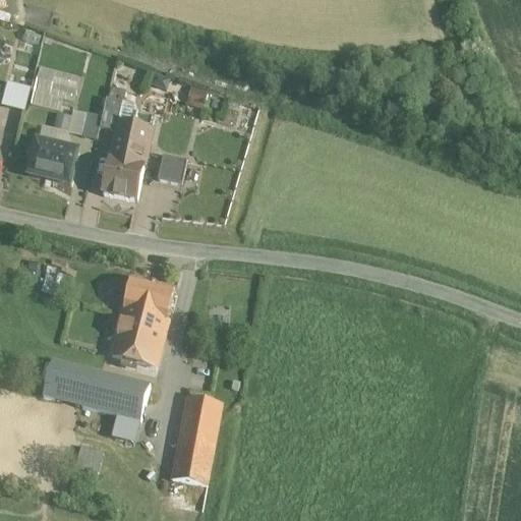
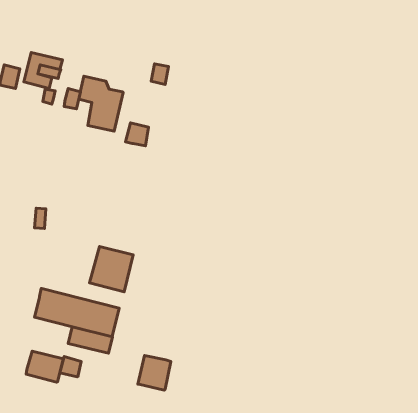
building: [26,136,75,180] -> none
building: [101,156,141,197] -> none
building: [123,277,173,316] -> none
building: [179,394,222,448] -> none
building: none -> [26,351,63,382]

